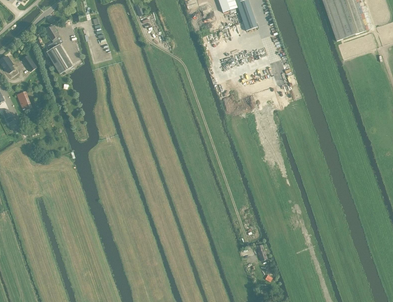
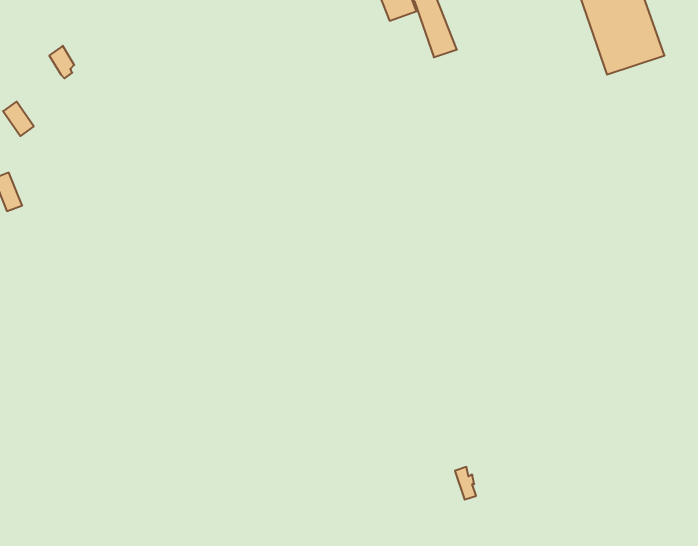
building: [46,43,72,73] -> none

